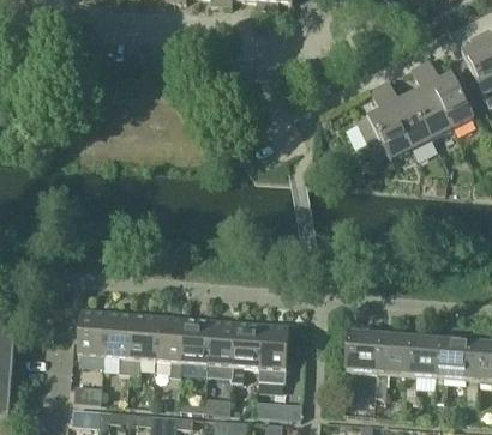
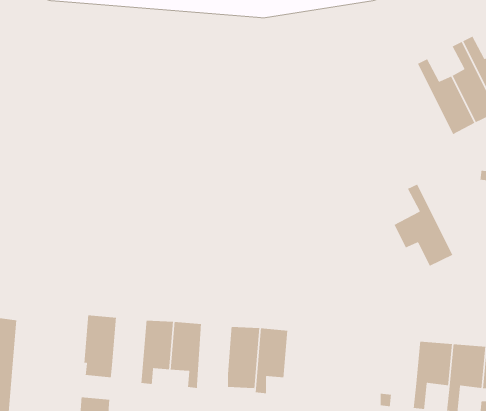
building: [356,83,410,158] -> [394,183,453,267]
building: [103,312,133,371] -> none
building: [180,318,210,375] -> none
building: [258,324,289,381] -> none
building: [344,331,380,371] -> none

